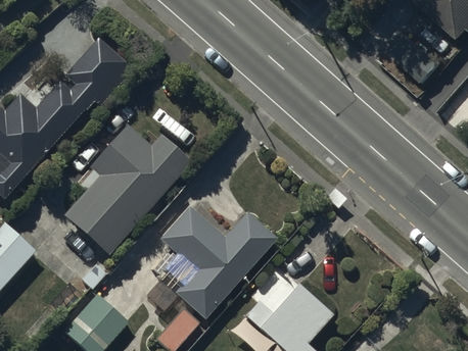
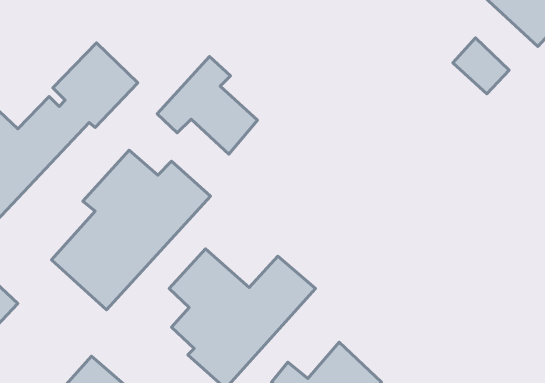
building: none -> [157,57,257,154]

